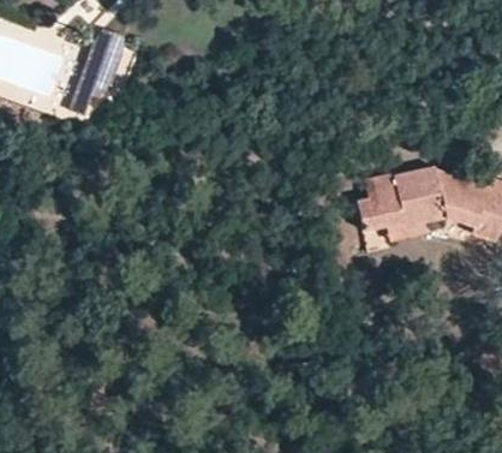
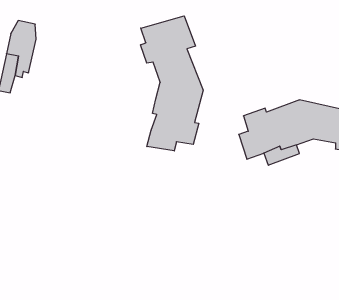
building: none -> [141,16,203,151]

